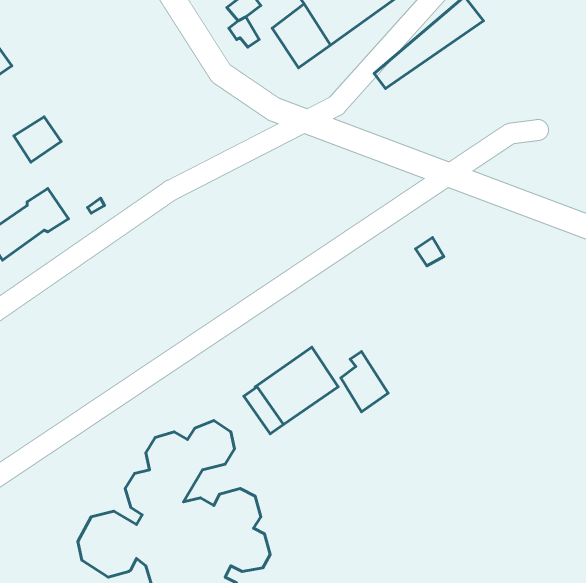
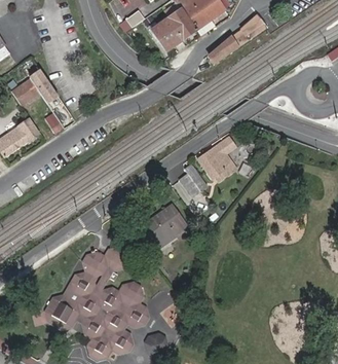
building: none -> [27,68,61,104]
building: none -> [199,144,236,181]
building: [341,352,388,412] -> [181,165,206,197]

